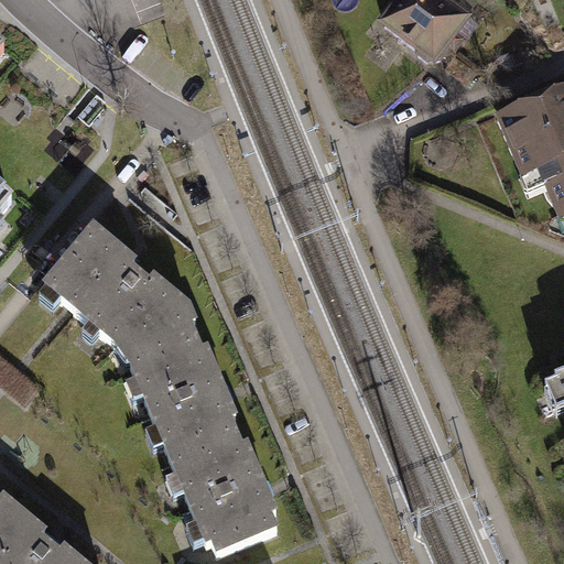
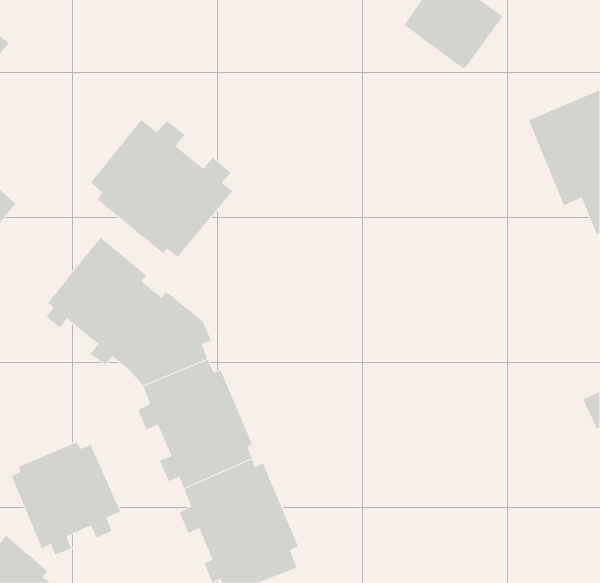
building: none -> [90,119,233,258]
building: none -> [11,441,121,556]

